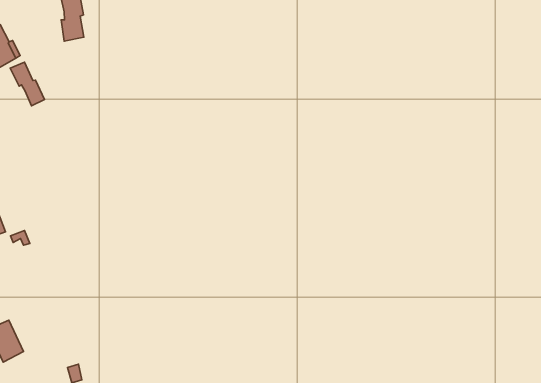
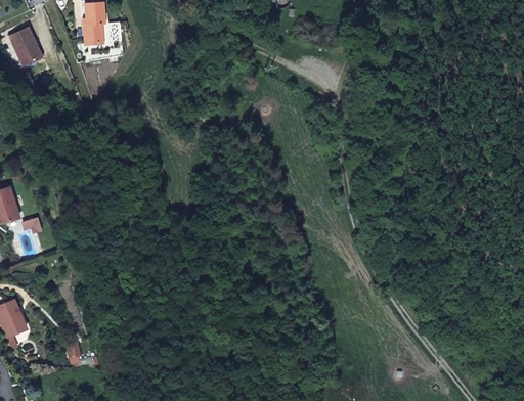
building: [10,62,45,106] -> none

